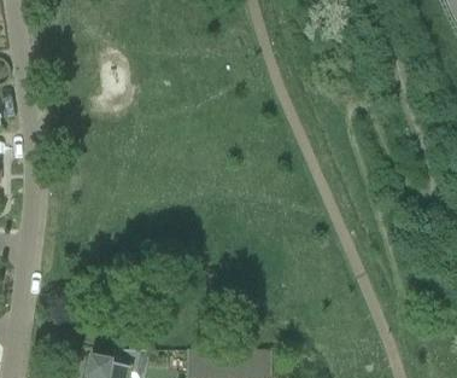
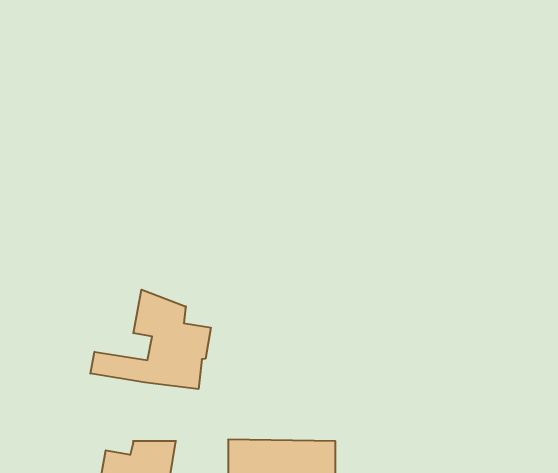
building: none -> [90,290,211,389]

